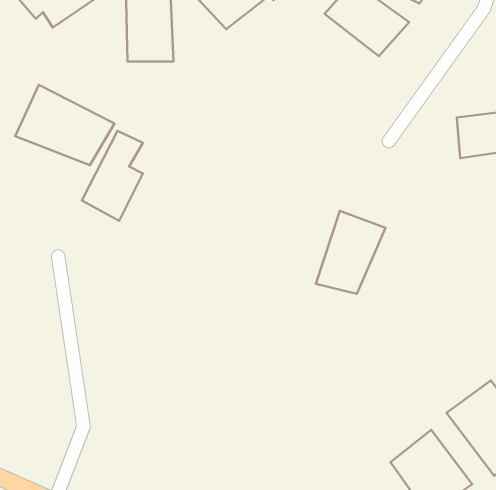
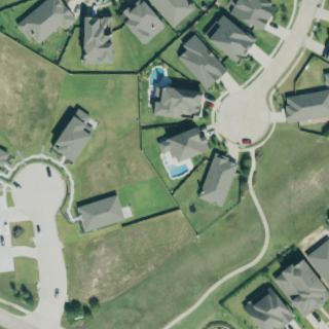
building: none -> [179,35,227,88]
building: [15,85,115,165] -> none
building: none -> [151,85,203,121]
building: none -> [158,129,209,161]
building: none -> [80,193,127,229]

